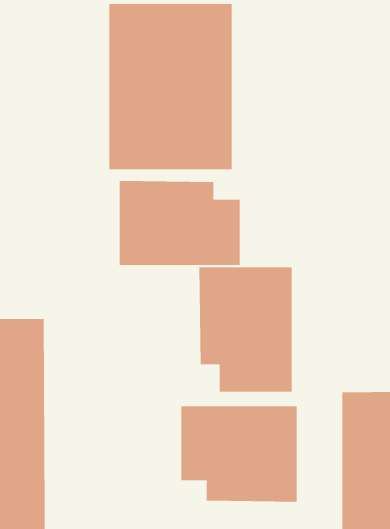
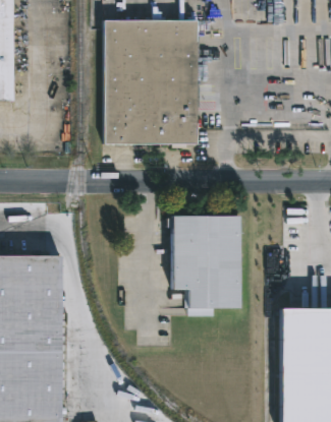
building: [119,180,240,266] -> none
building: [181,405,297,502] -> none

